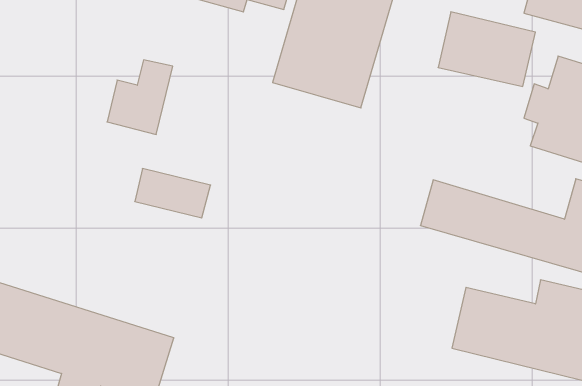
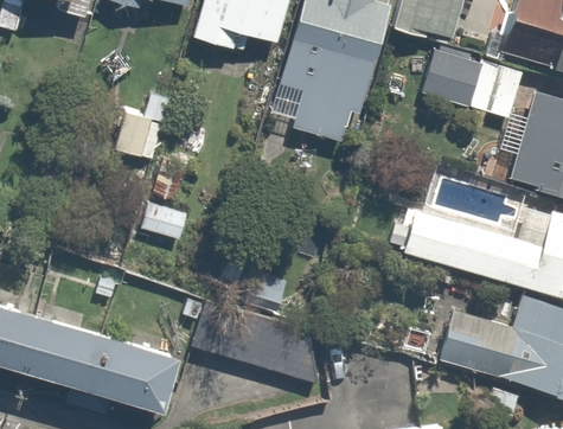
building: none -> [193,299,331,385]

